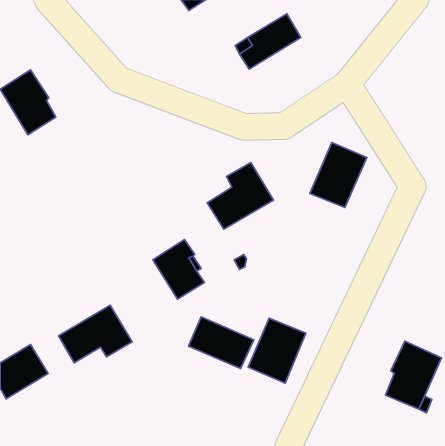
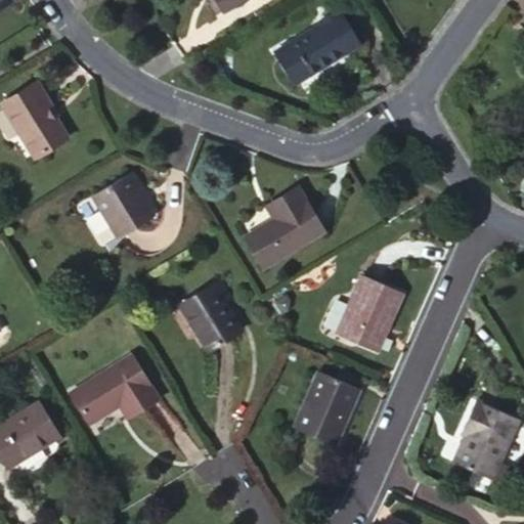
building: [310,143,367,207] -> [336,275,402,351]
building: none -> [93,174,152,238]
building: [189,317,254,368] -> none

